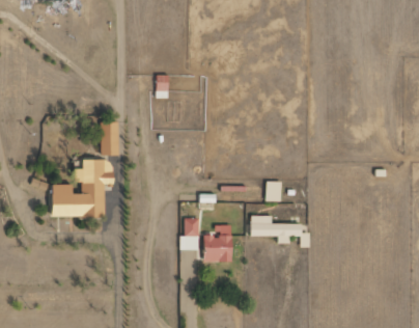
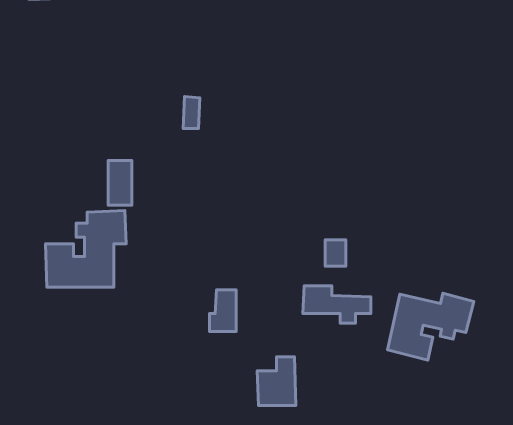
building: none -> [387,293,474,360]
building: [199,224,228,261] -> [257,357,296,406]

